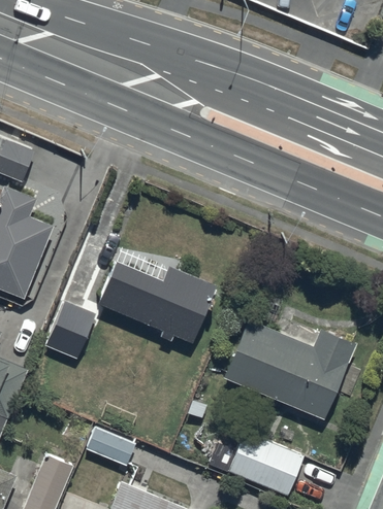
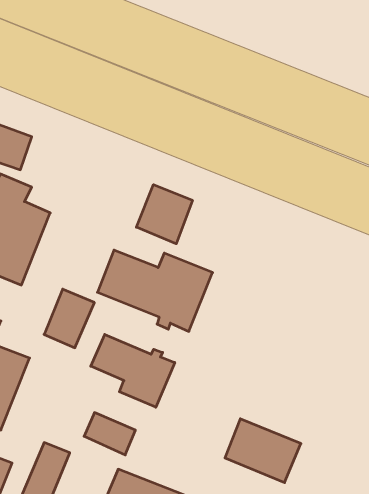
building: none -> [136,185,192,244]
building: [223,320,353,420] -> none
building: none -> [91,334,175,407]

